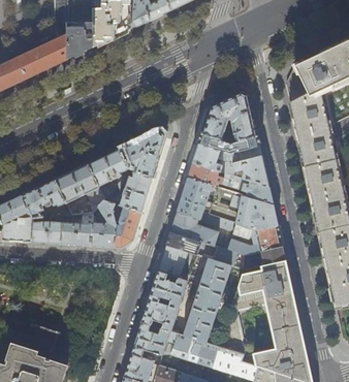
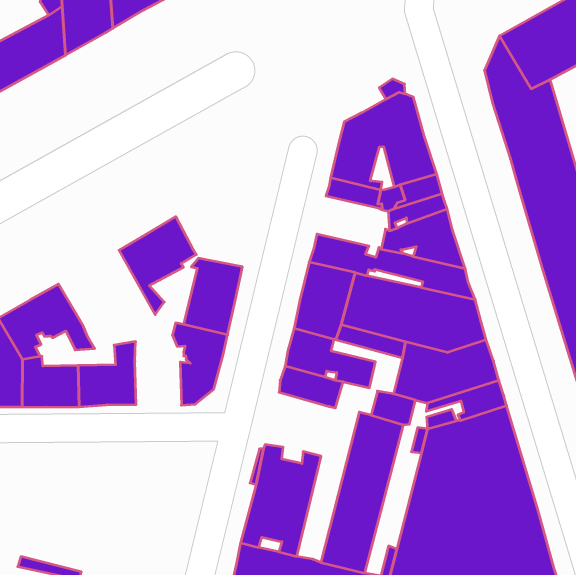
building: [119,130,166,178] -> none
building: [192,144,225,171] -> none
building: [55,164,104,213] -> none
building: [91,202,116,248] -> none
building: [157,245,192,280] -> none

